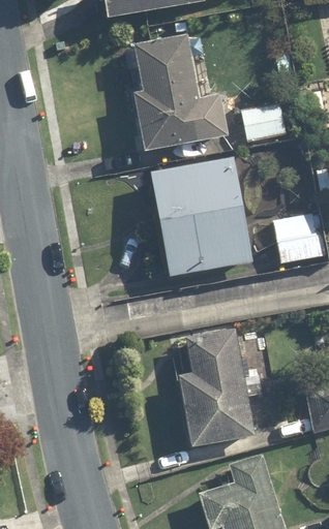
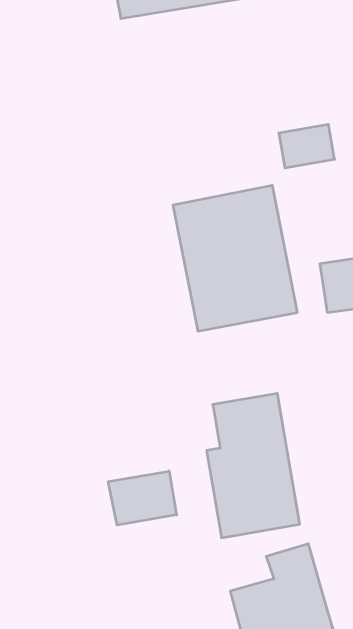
building: [131,40,231,149] -> none
building: none -> [108,471,177,525]

